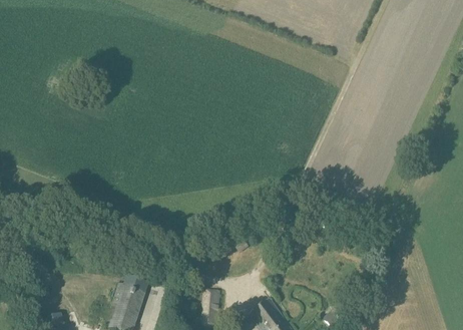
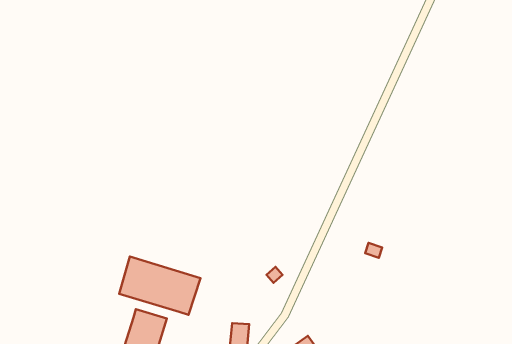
building: none -> [119,256,200,315]

